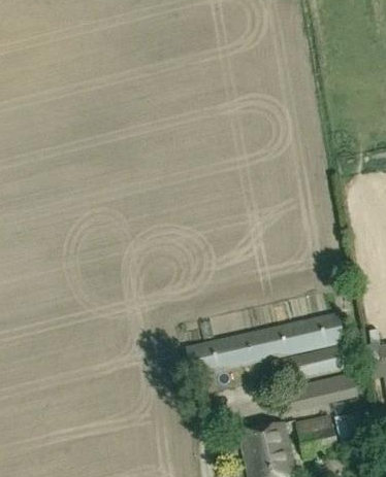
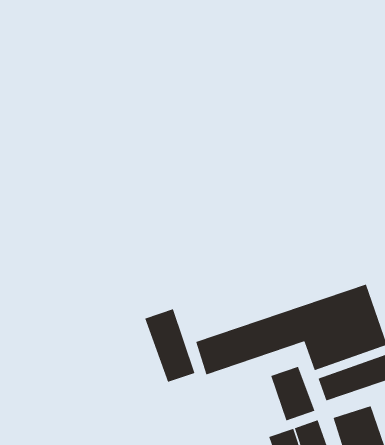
building: none -> [144,308,196,383]
building: none -> [270,366,315,422]

